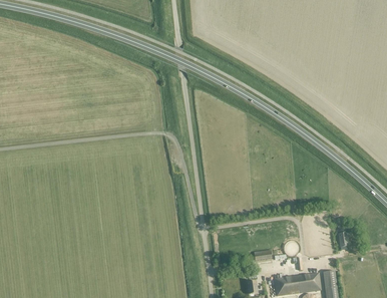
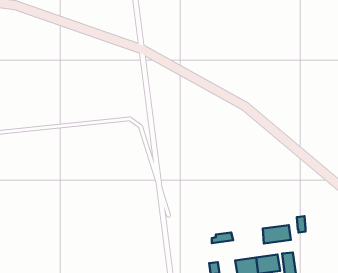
building: none -> [263,225,291,243]

